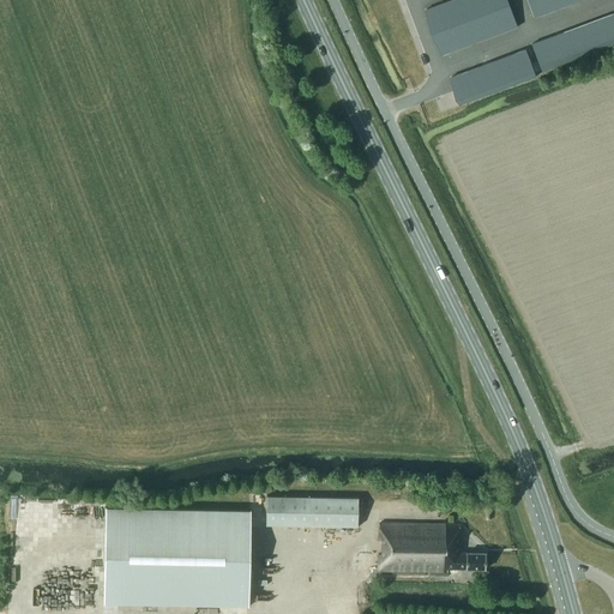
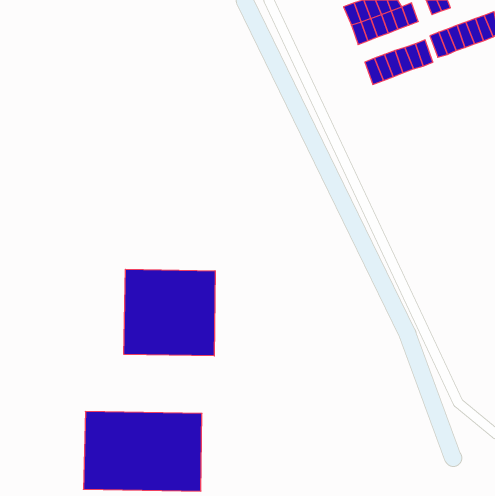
building: none -> [124,269,215,356]
building: [267,496,359,528] -> none
building: [379,524,487,572] -> none

